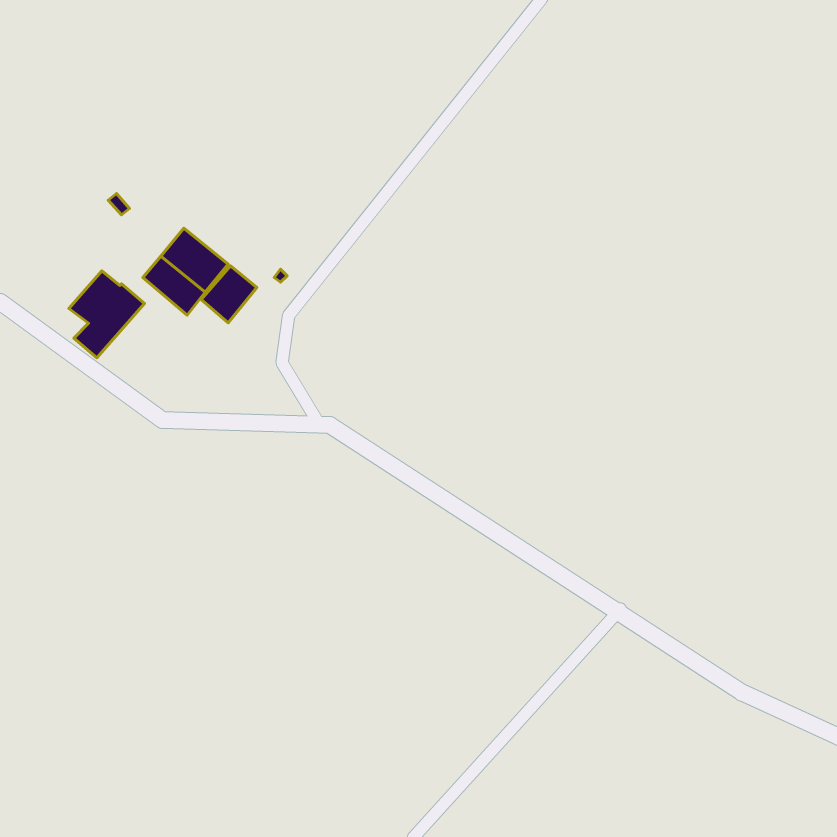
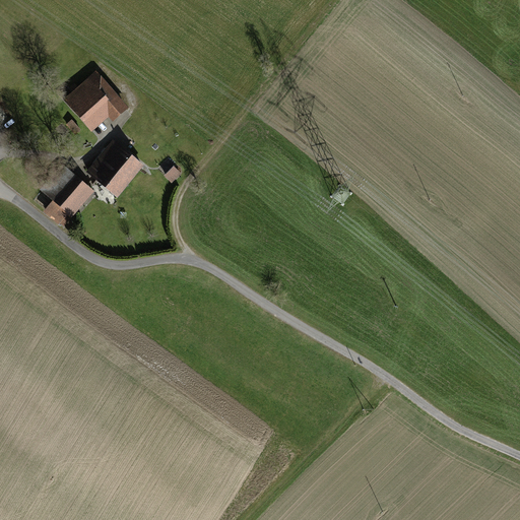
building: none -> [66,78,127,124]
building: [201,266,257,323] -> none

